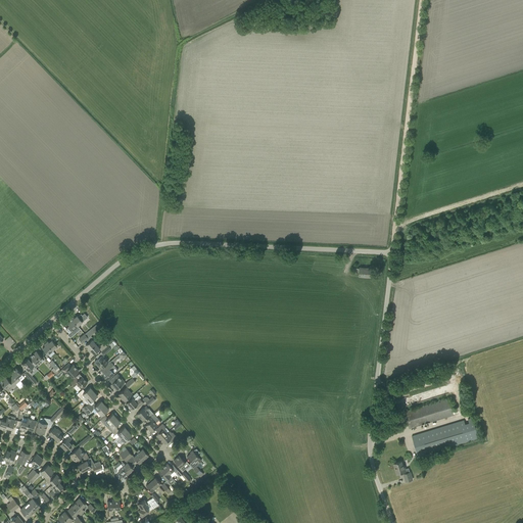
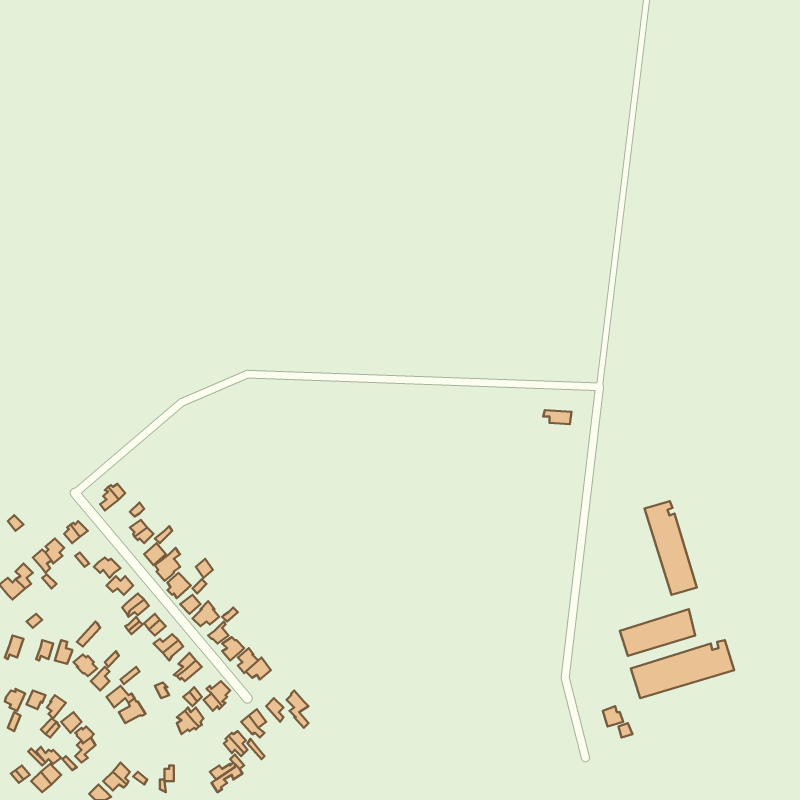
building: none -> [645,501,697,595]

